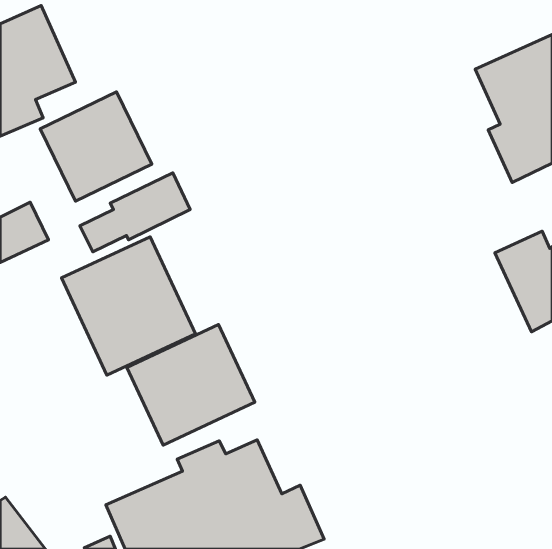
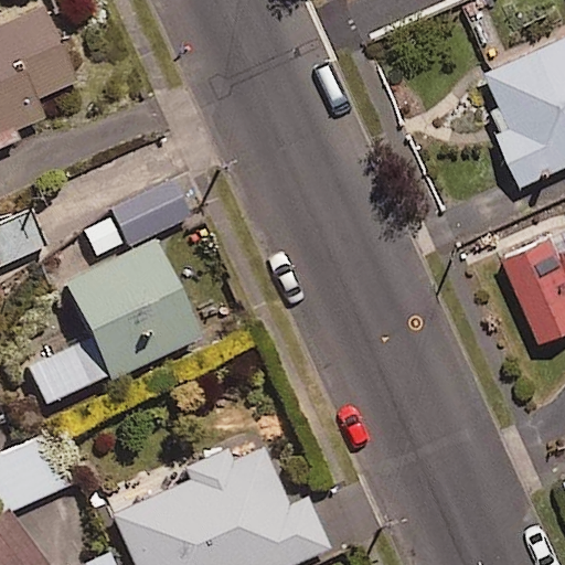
building: [40,92,152,201] -> none
building: [127,324,255,445] -> none

